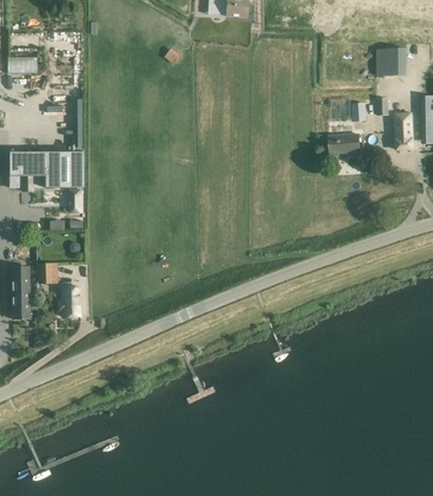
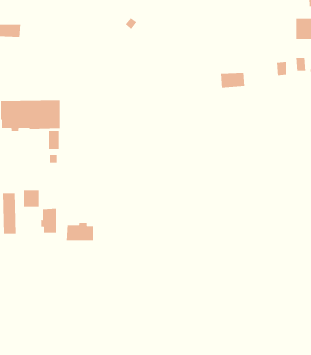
building: [327,134,358,153] -> [220,73,245,88]
building: none -> [66,222,93,241]

